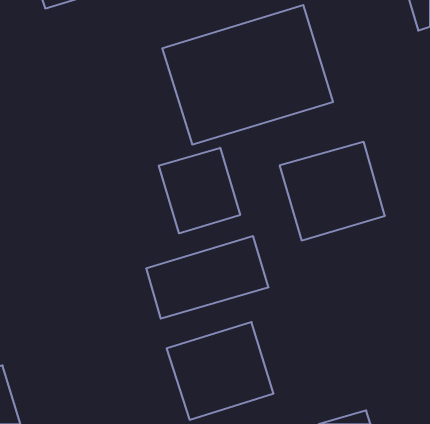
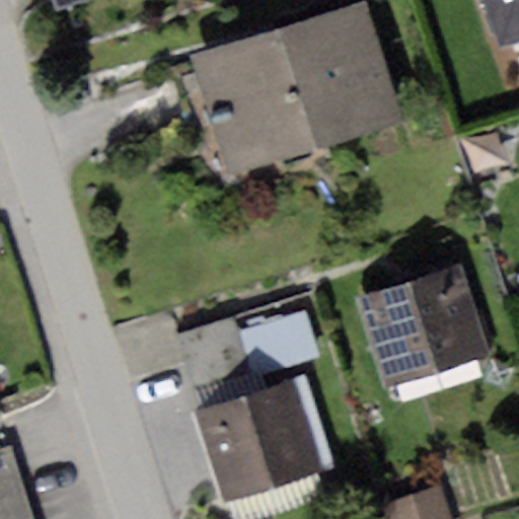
building: [280,142,385,240] -> [363,269,489,386]
building: [159,148,240,233] -> none

